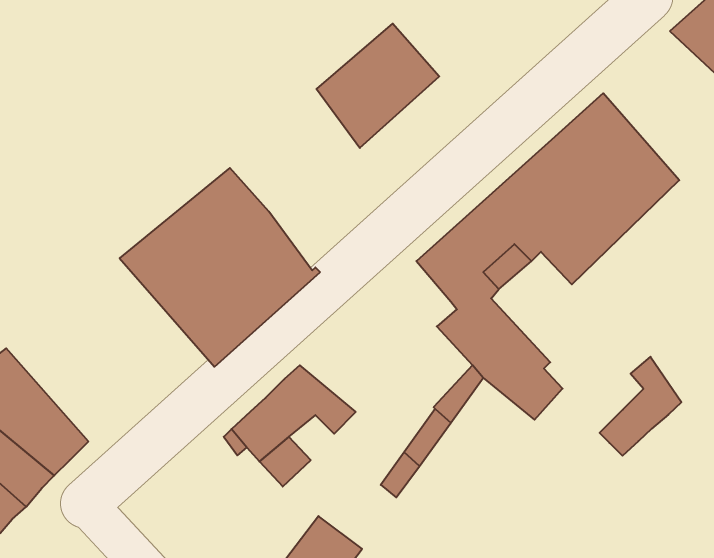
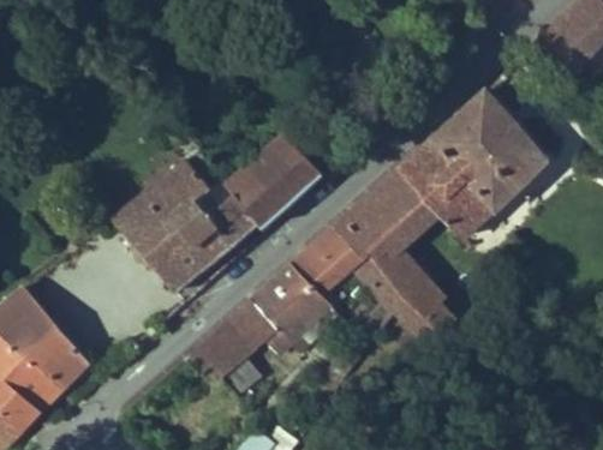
building: [316,24,439,148] -> [227,131,322,227]
building: none -> [251,220,368,336]
building: [600,357,681,456] -> none

